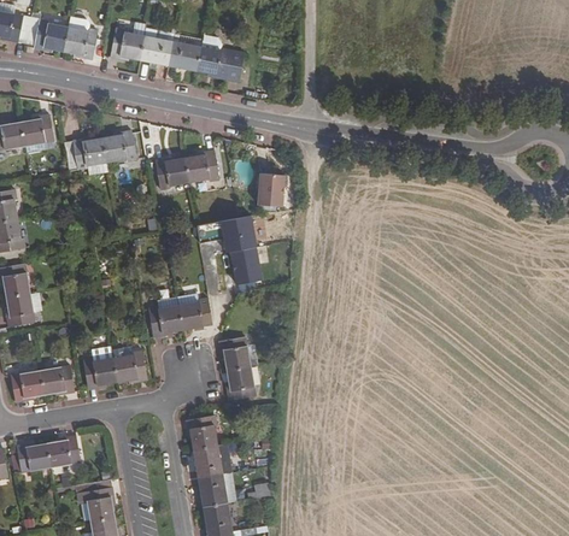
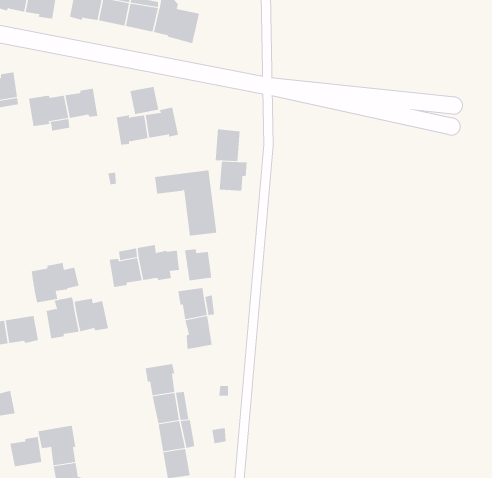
building: none -> [130,86,159,115]
building: none -> [219,161,247,192]
building: none -> [185,248,212,281]
building: none -> [31,262,79,303]
building: [47,435,81,466] -> [9,436,42,467]

